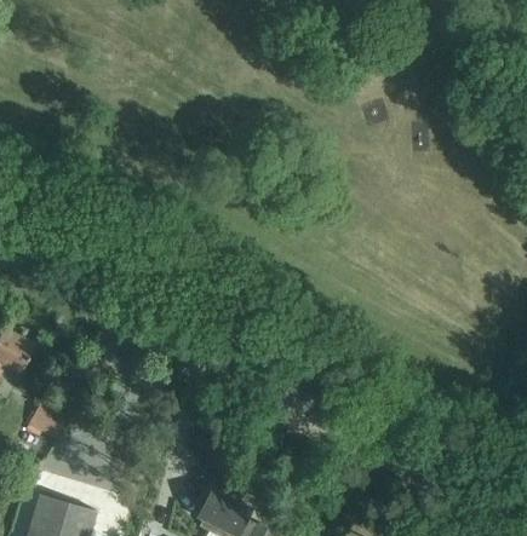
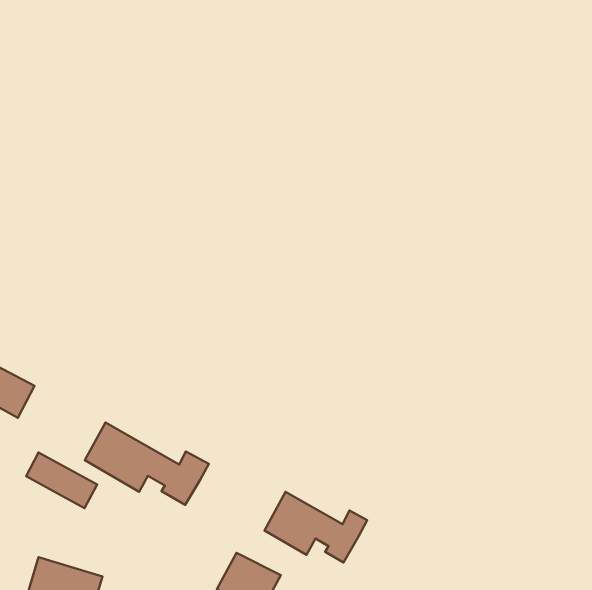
building: none -> [85,423,209,505]
building: none -> [265,492,367,563]

